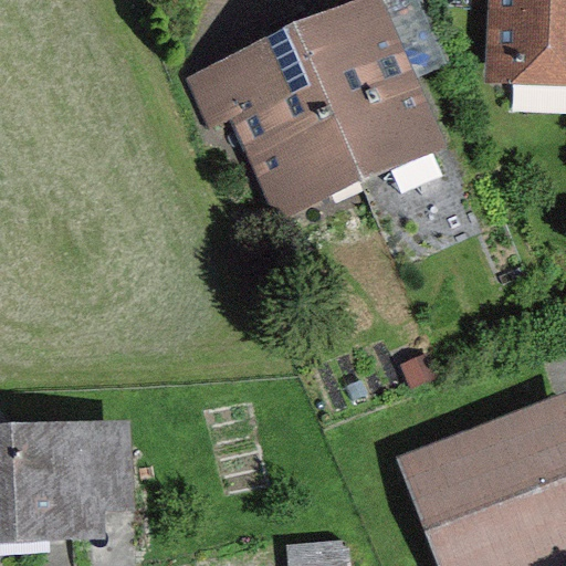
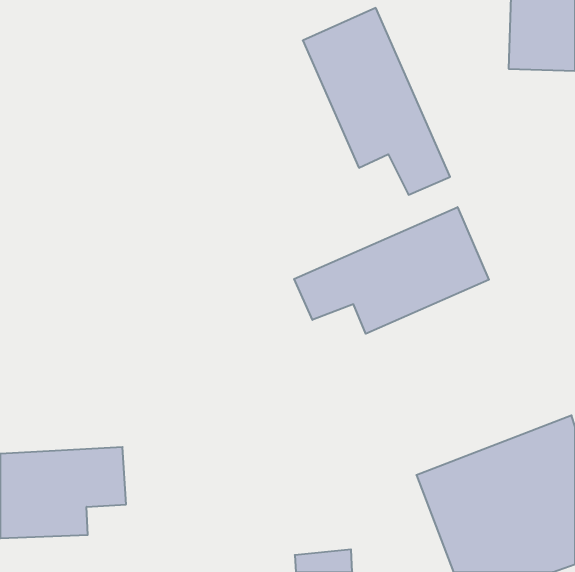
building: [196,40,353,196] -> none
building: none -> [294,207,489,334]

